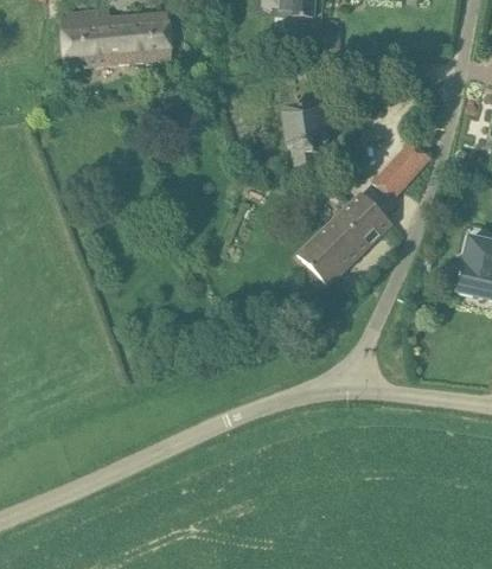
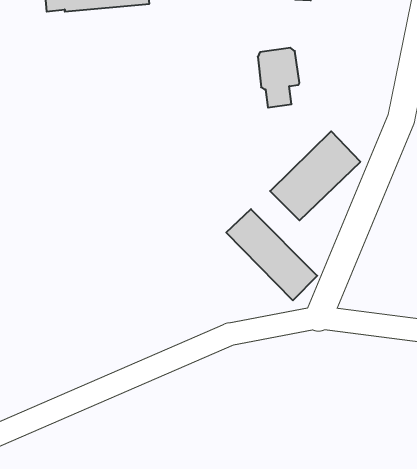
building: [372,139,432,199] -> none
building: none -> [226,209,317,300]

